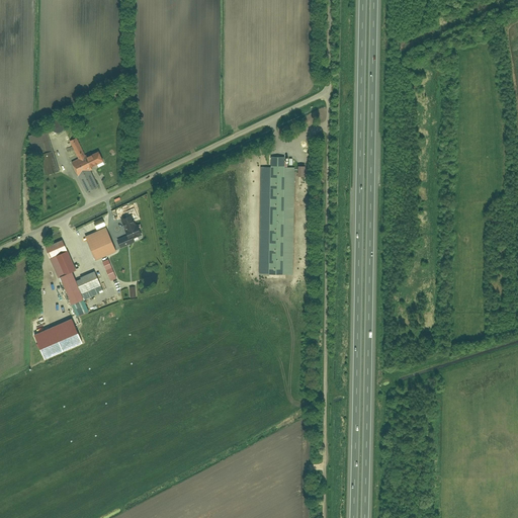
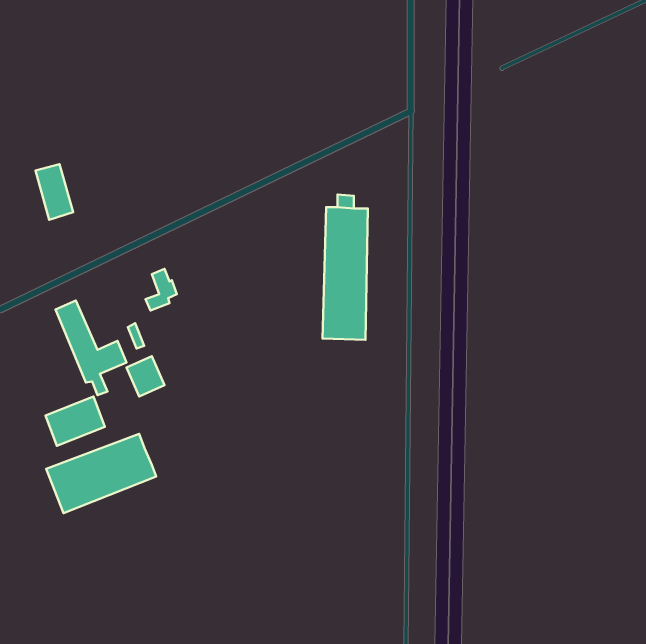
building: [69,139,102,193] -> none
building: [86,228,116,260] -> [127,356,165,396]
building: none -> [46,434,156,513]

